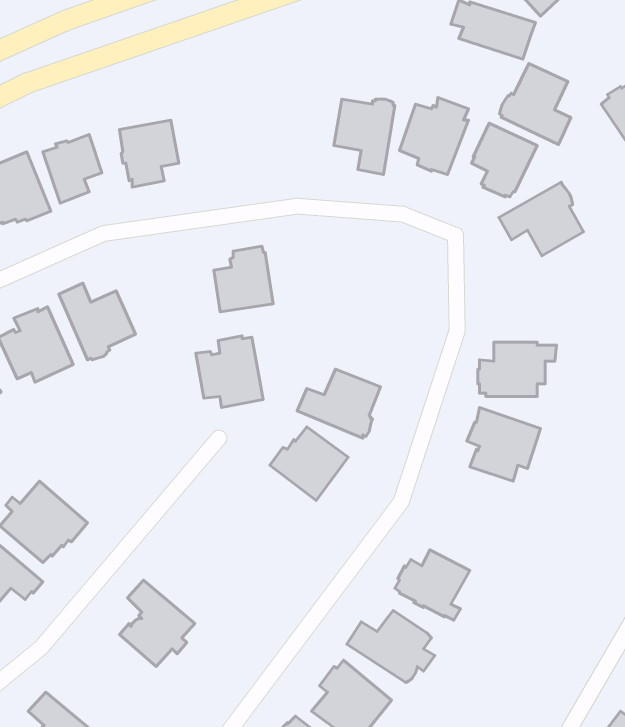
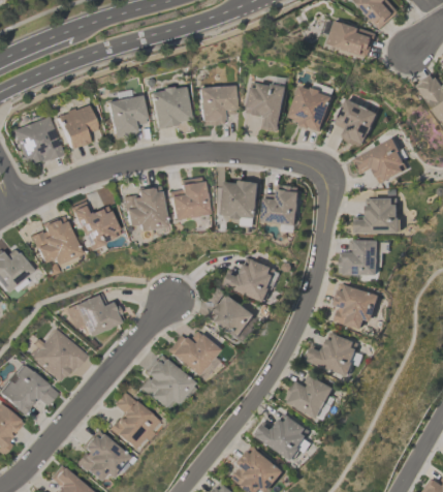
building: [500,64,571,144] -> none
building: none -> [152,86,191,129]
building: none -> [199,86,236,125]
building: none -> [223,179,260,218]
building: none -> [263,188,302,224]
building: none -> [355,197,403,233]
building: [196,336,263,408] -> [124,185,167,232]
building: none -> [68,293,124,336]
building: none -> [307,330,361,375]
building: none -> [167,331,218,376]
building: none -> [138,357,193,408]
building: none -> [77,431,129,482]

